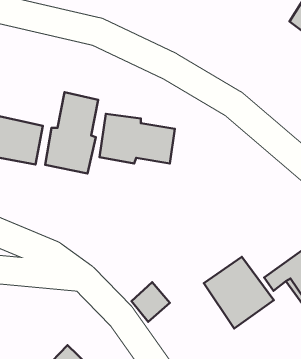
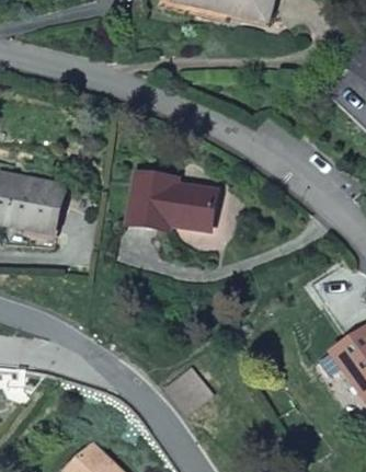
building: [45,92,98,174] -> none
building: [204,257,274,328] -> none

